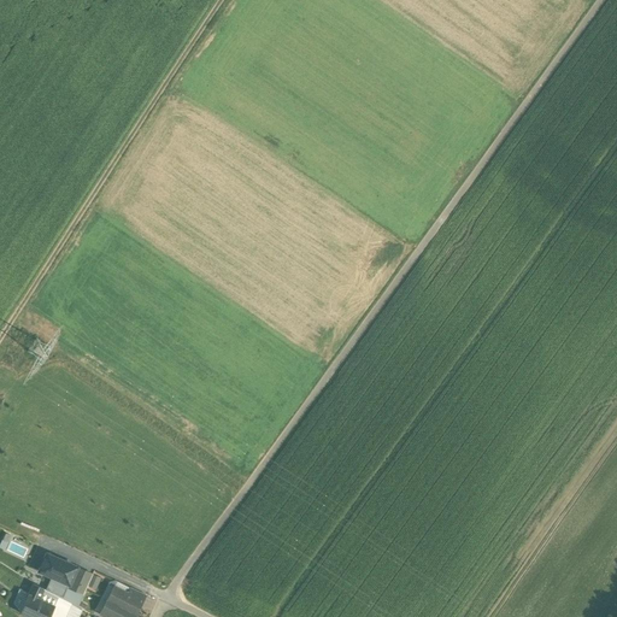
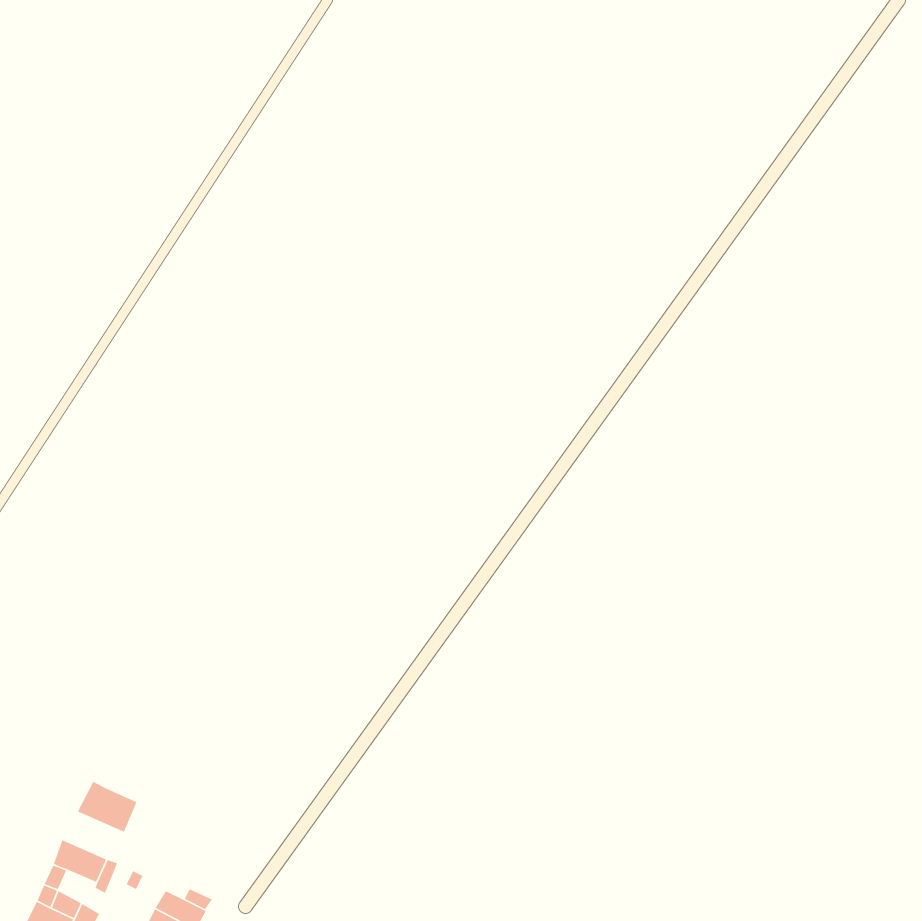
building: none -> [77,781,138,833]

